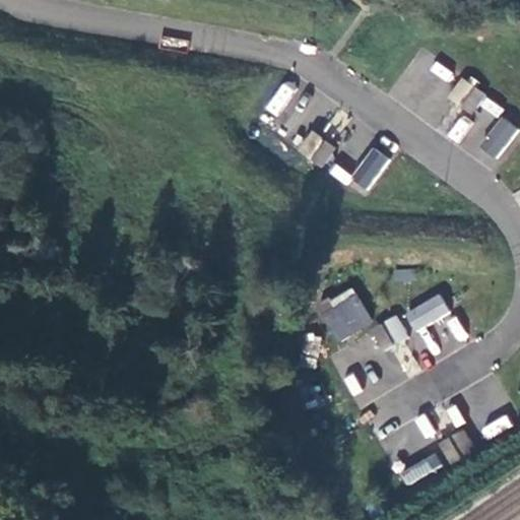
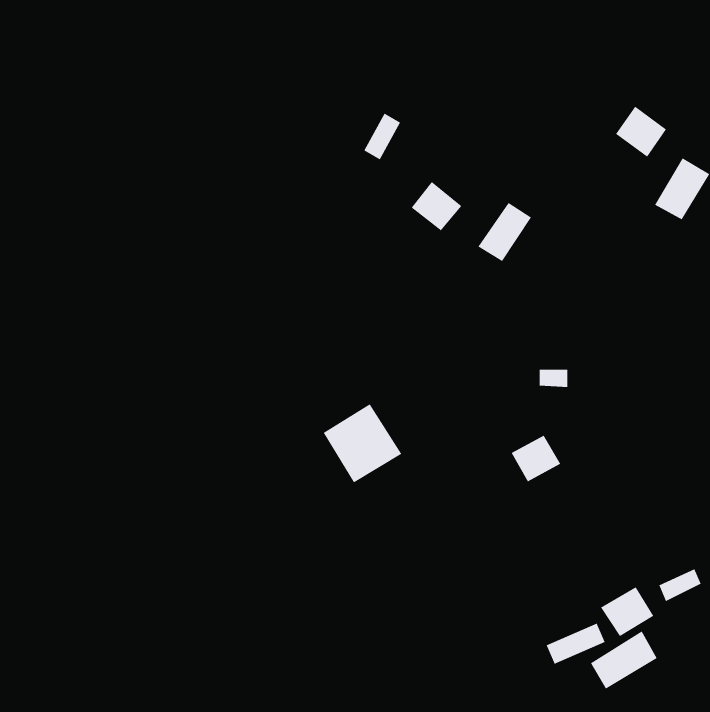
building: [315,285,373,343] -> [323,404,402,483]
building: [402,292,449,333] -> none
building: none -> [590,630,657,690]

